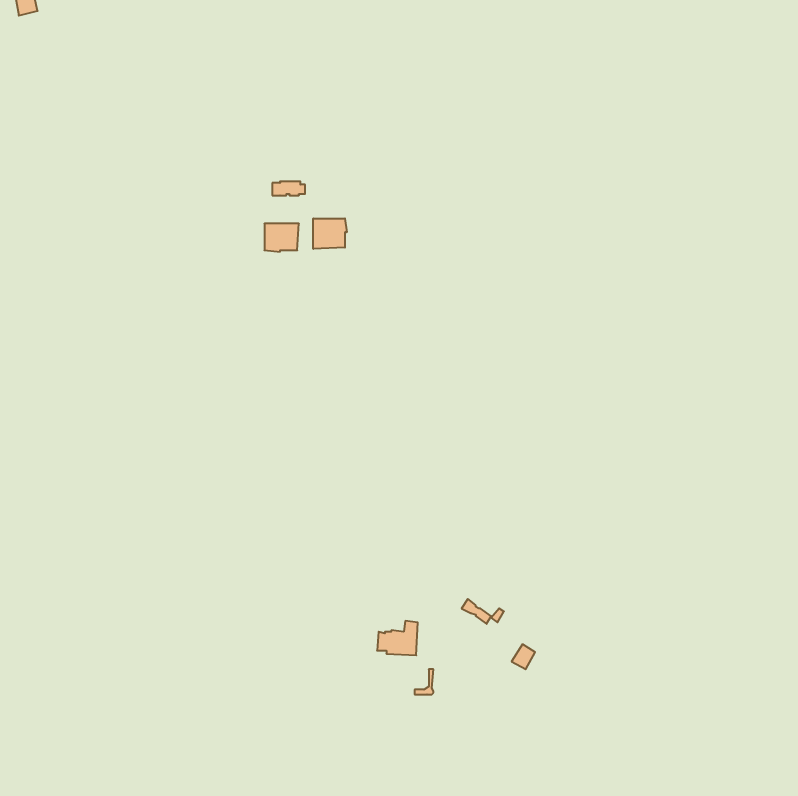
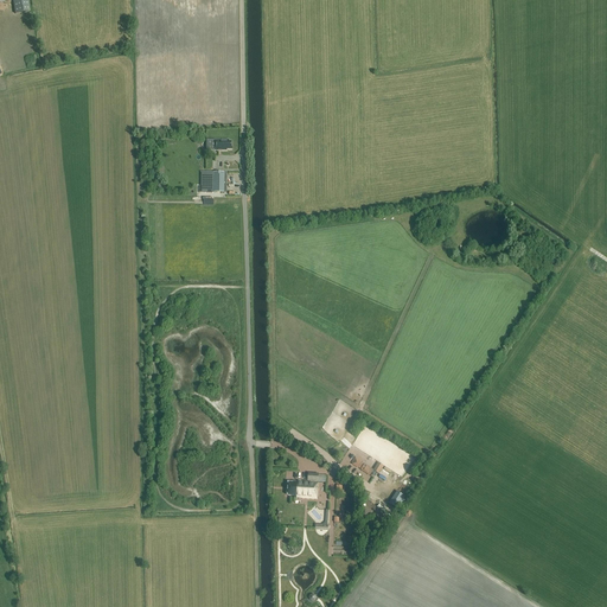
building: [313,218,347,249] -> none

